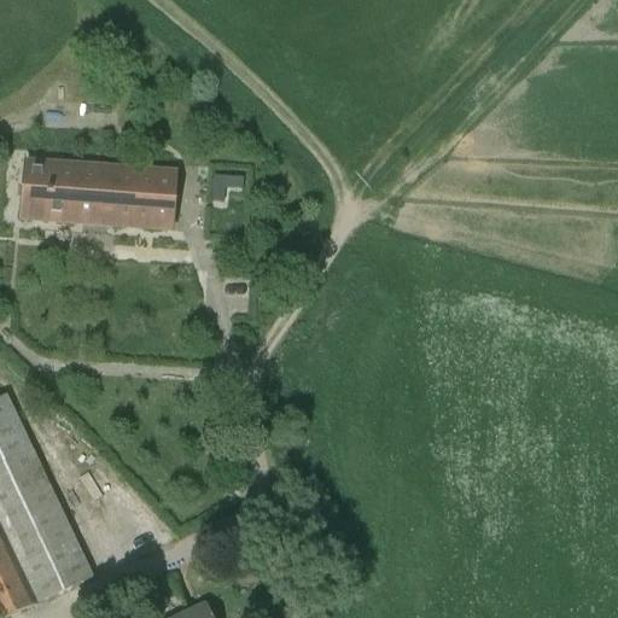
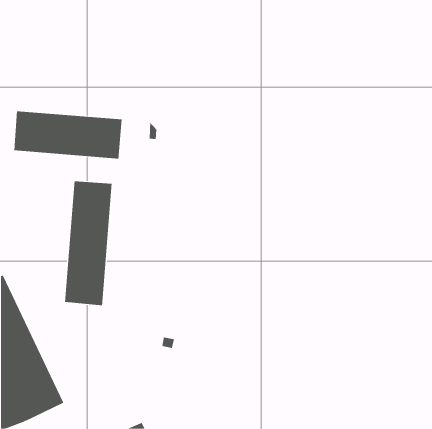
building: none -> [64,180,112,306]

